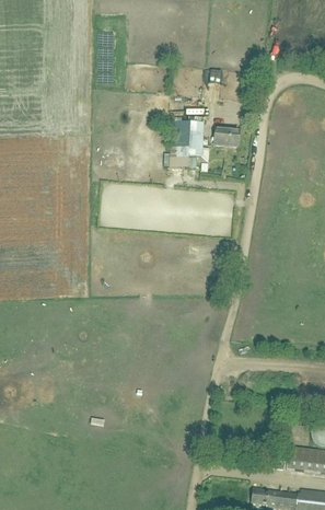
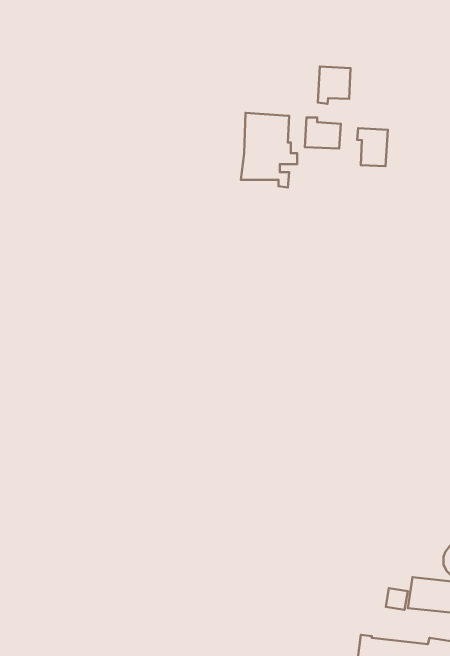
building: none -> [318,66,350,104]
building: none -> [357,128,388,166]

